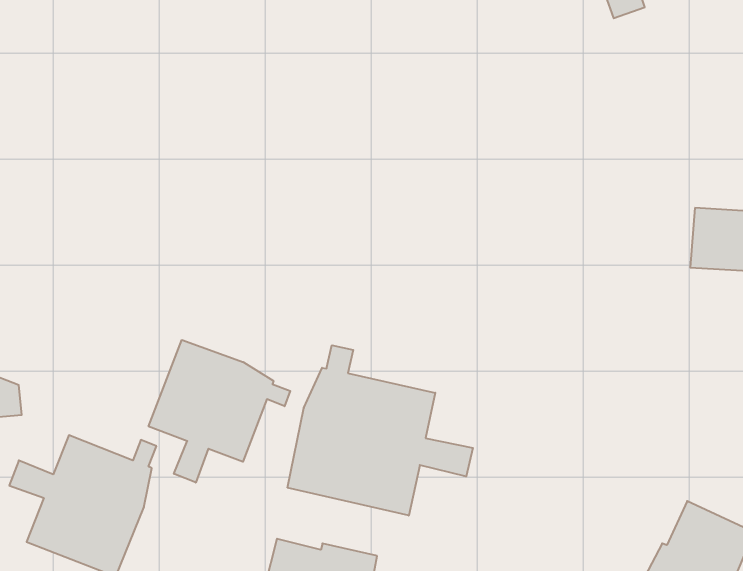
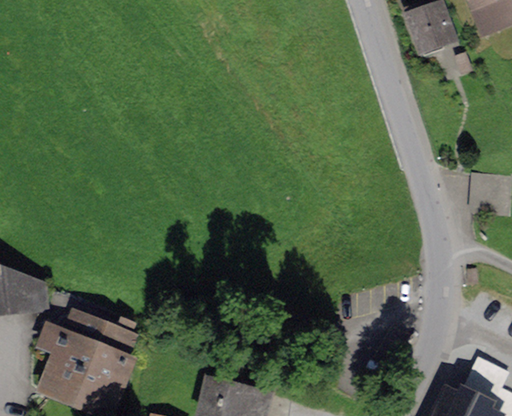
building: [149,340,290,483] -> none
building: [288,345,473,516] -> none

